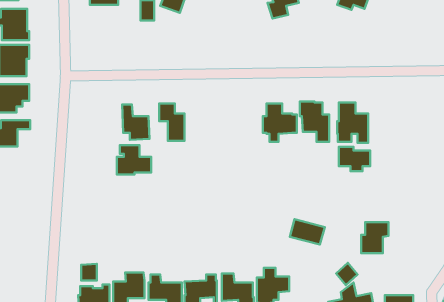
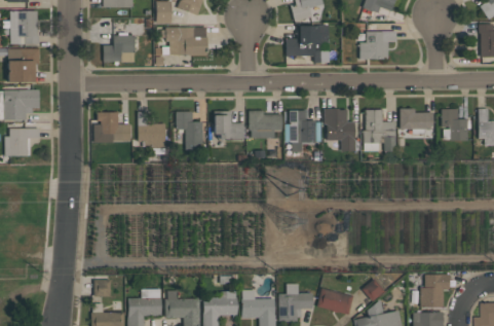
building: none -> [287,25,330,63]
building: none -> [162,28,208,57]
building: none -> [360,32,396,60]
building: none -> [104,33,136,64]
building: none -> [442,109,471,141]
building: none -> [249,110,282,138]
building: none -> [210,111,244,141]
building: [117,145,151,174] -> [94,112,130,143]
building: [339,147,370,171] -> [401,109,433,135]
building: [290,219,325,245] -> [317,288,354,315]
building: [361,222,389,253] -> [421,275,450,307]

